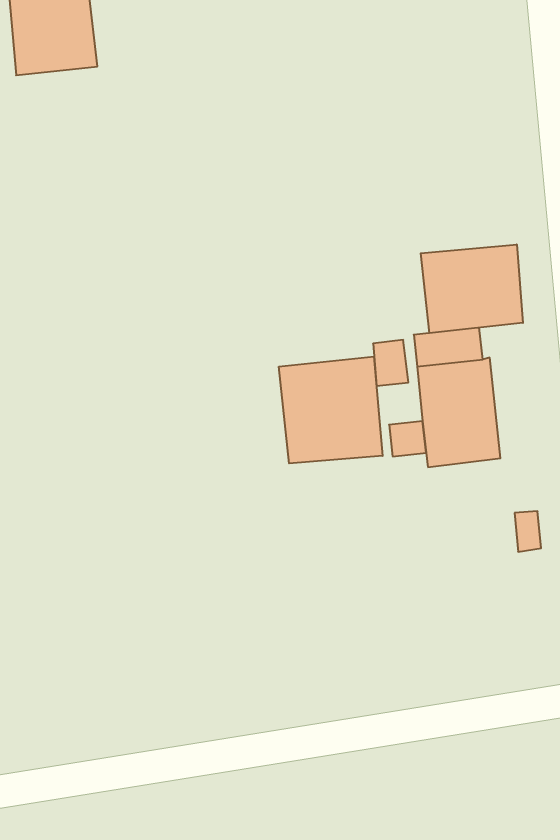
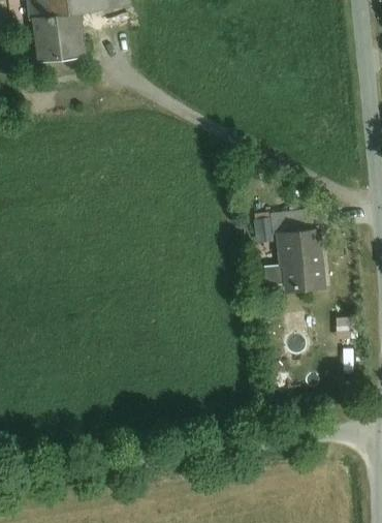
building: [421,244,523,333] -> none
building: [279,357,383,463] -> none

